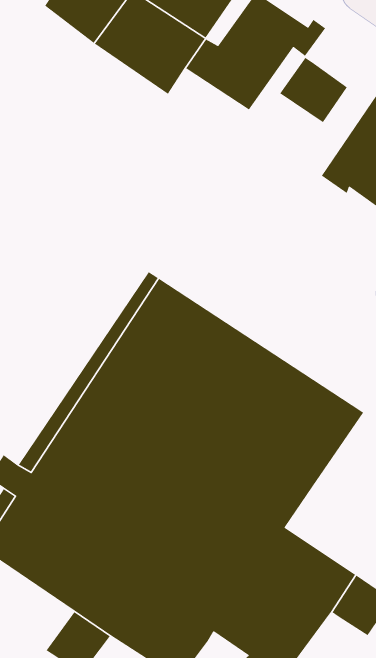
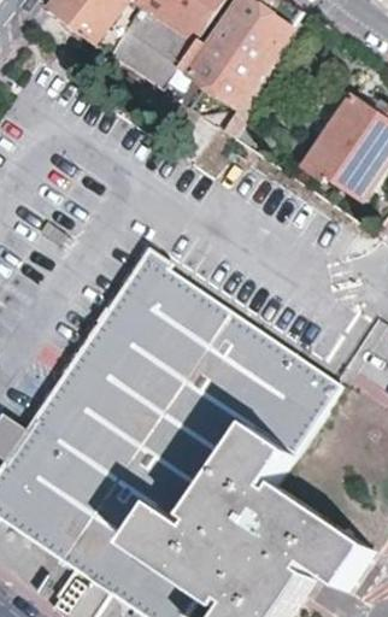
building: [279,57,348,123] -> none

